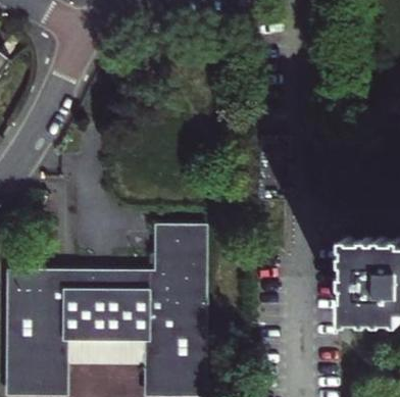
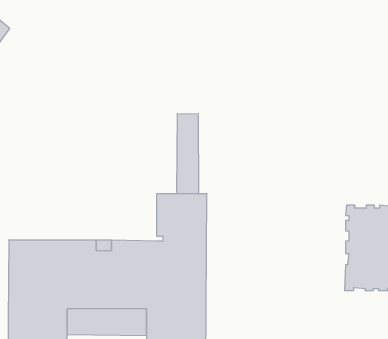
building: none -> [177,114,198,194]

